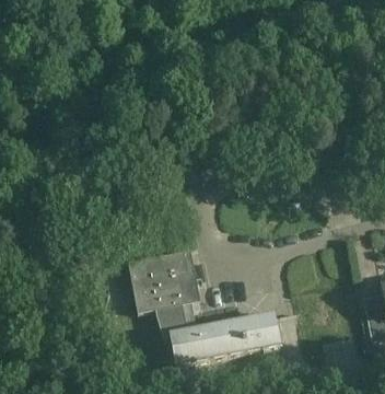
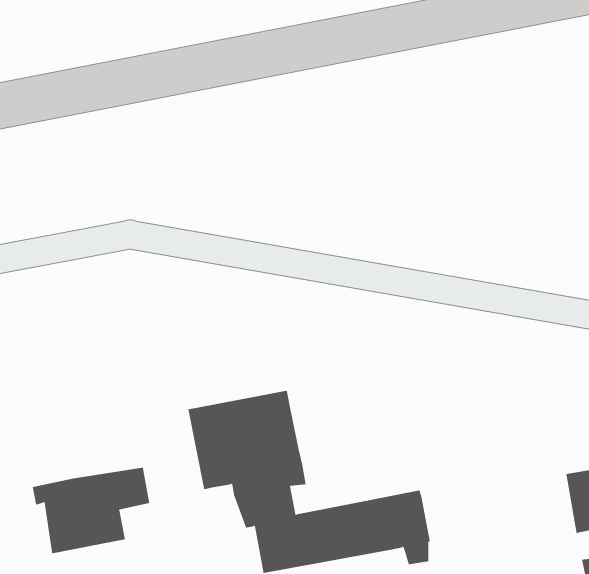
building: none -> [32,467,150,554]

